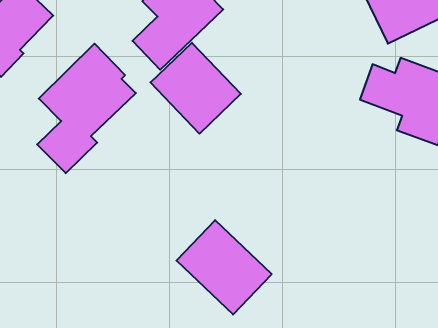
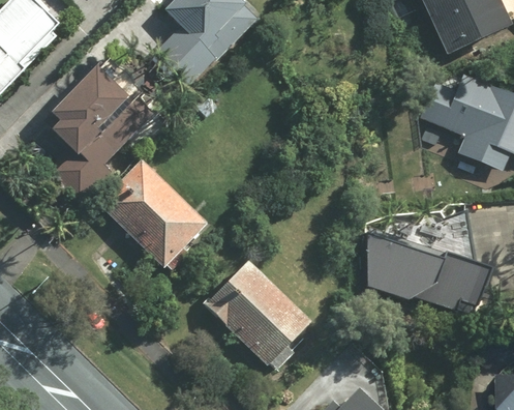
building: [150,43,241,134] -> none
building: none -> [98,157,208,269]
building: none -> [369,233,482,313]

